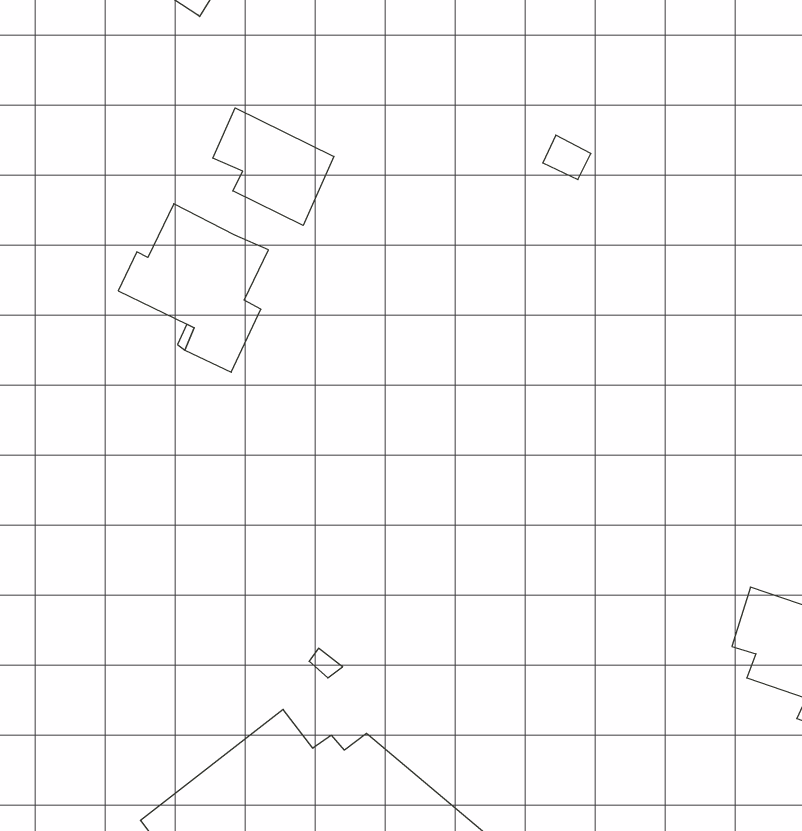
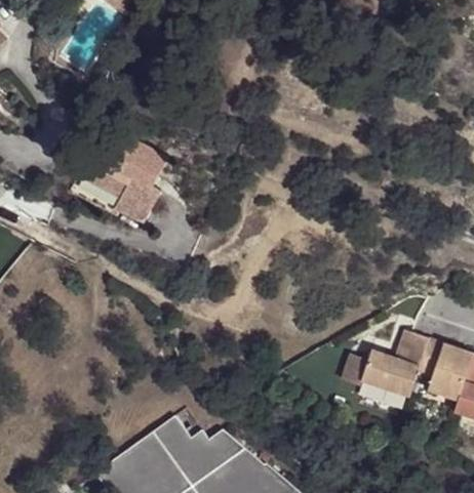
building: [213,108,334,225] -> none
building: none -> [344,334,431,401]

